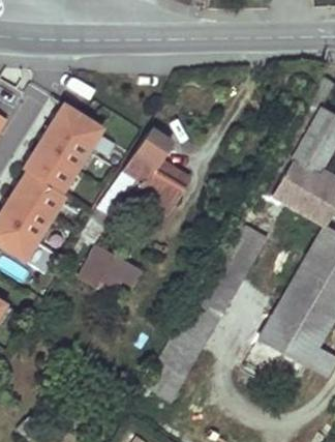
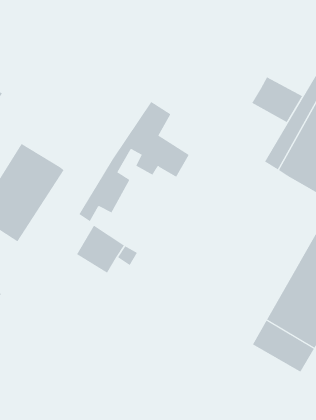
building: [23,101,104,190] -> none
building: none -> [252,77,303,123]
building: [156,218,269,378] -> none

